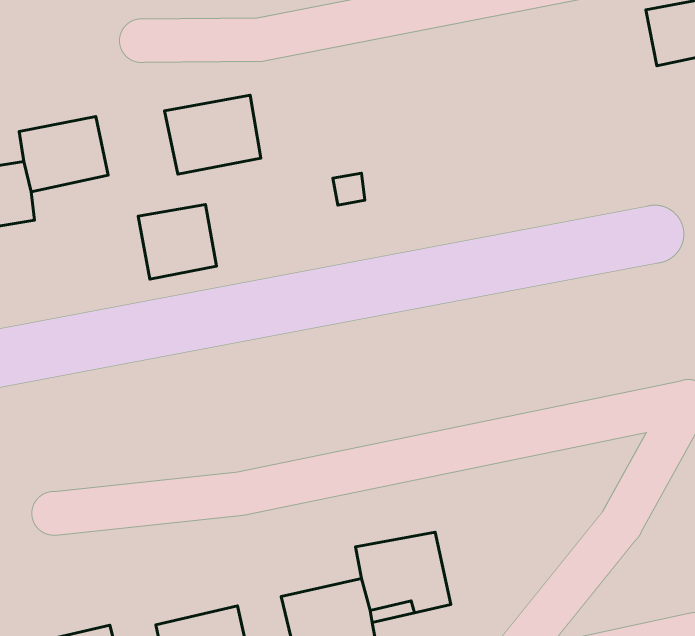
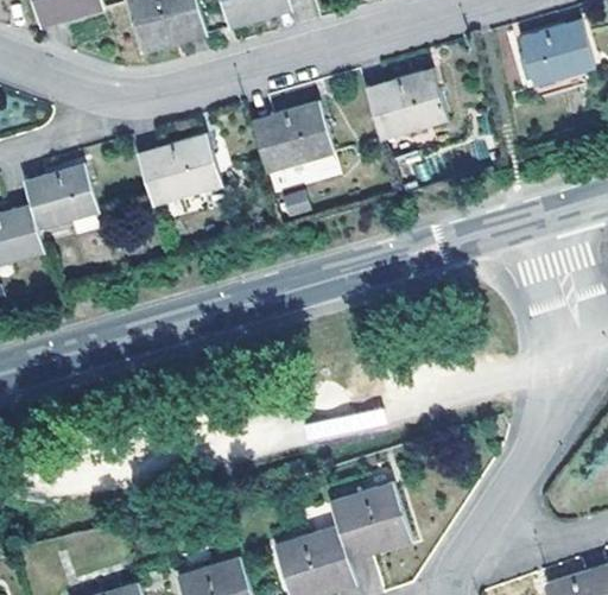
building: none -> [365,72,446,141]
building: none -> [252,105,335,188]
building: [138,205,216,279] -> none

